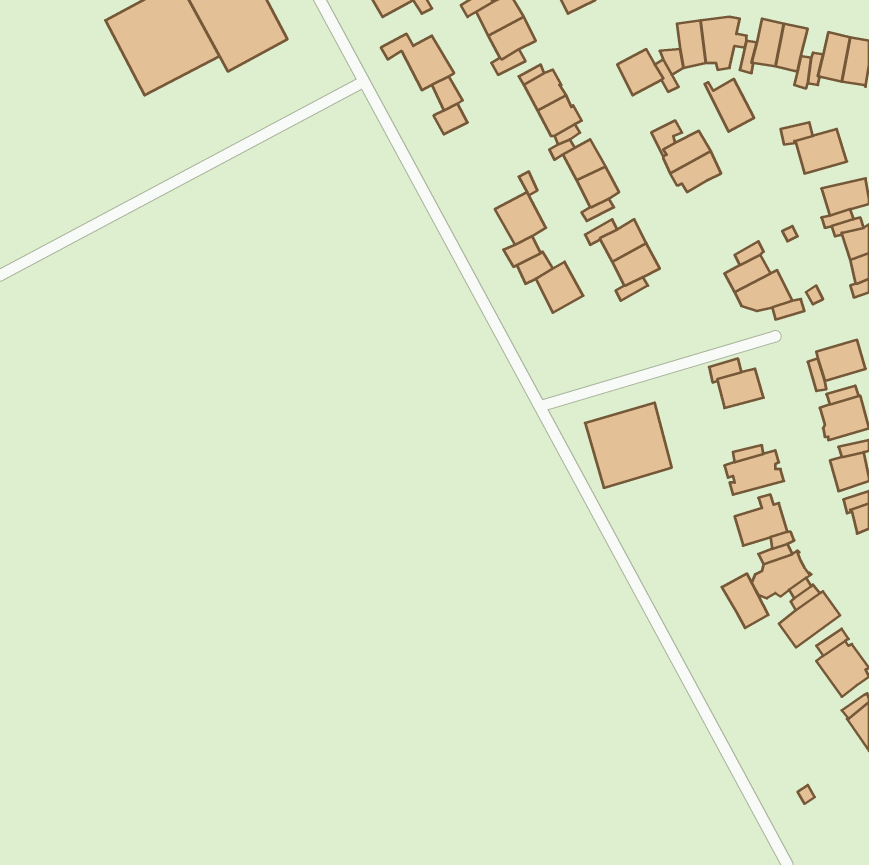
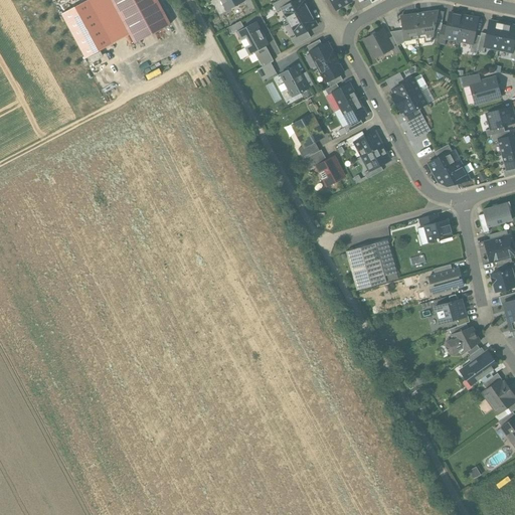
building: [705,79,754,132] -> [401,107,431,138]
building: none -> [281,64,309,96]
building: [722,574,768,628] -> none

